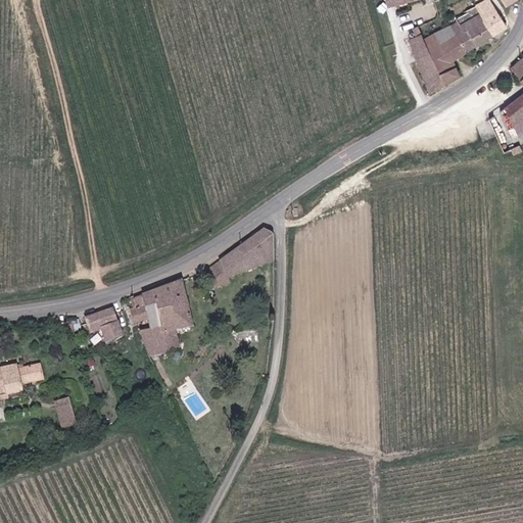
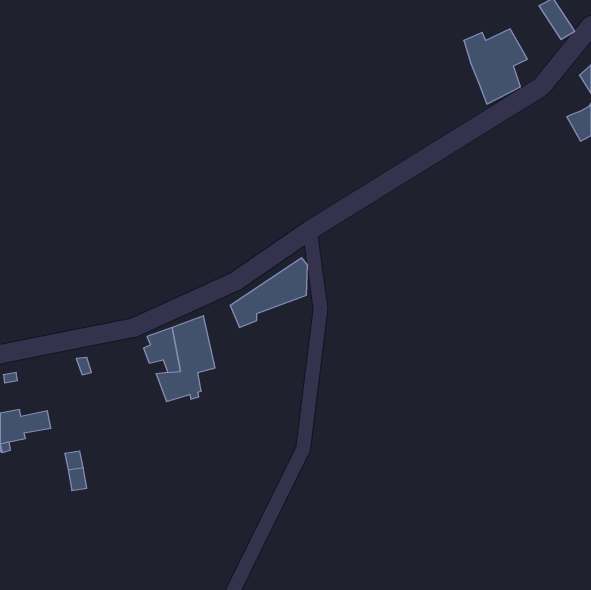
building: [450,5,495,52] -> none
building: [86,306,122,340] -> none

